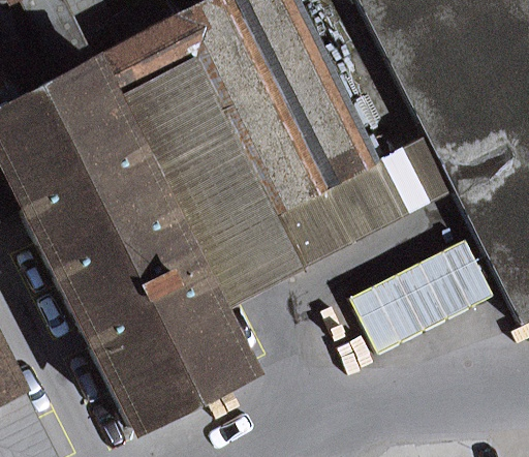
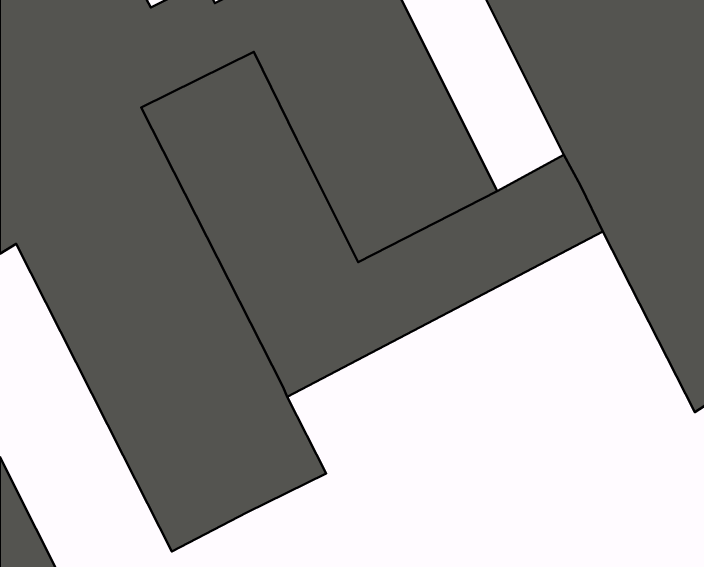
building: [362,234,502,347] -> none

